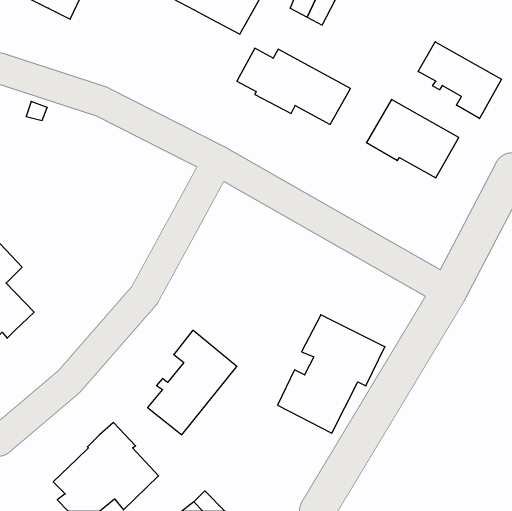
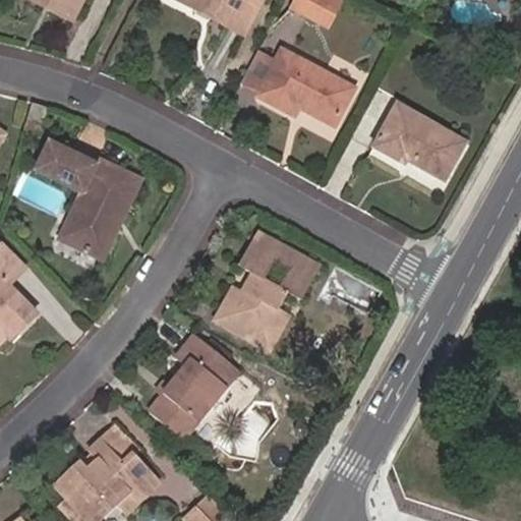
building: [418,42,501,119] -> none
building: none -> [36,137,140,258]
building: [278,315,385,433] -> [215,224,324,344]

